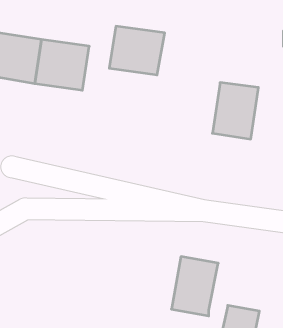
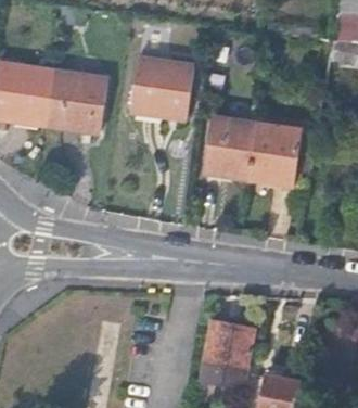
building: none -> [206,116,257,179]

